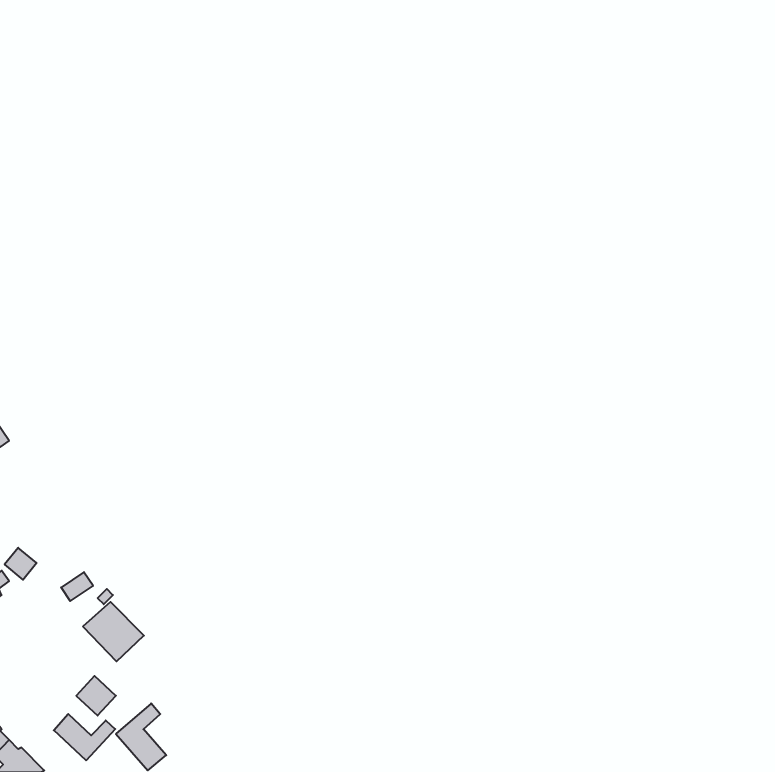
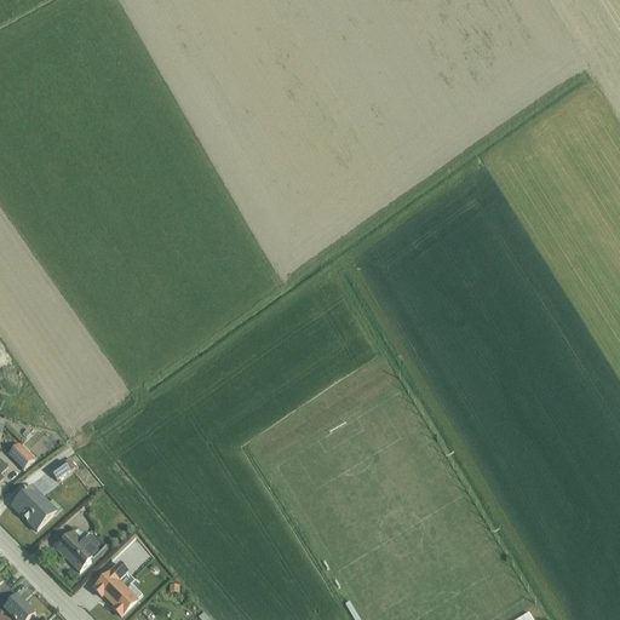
building: [83,602,144,661] -> [8,484,57,532]
building: [54,714,115,760] -> none

